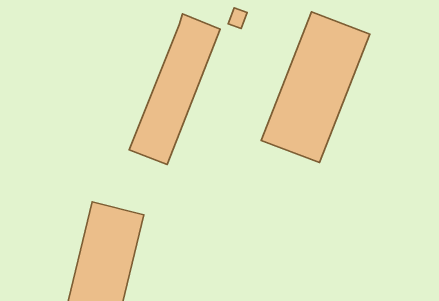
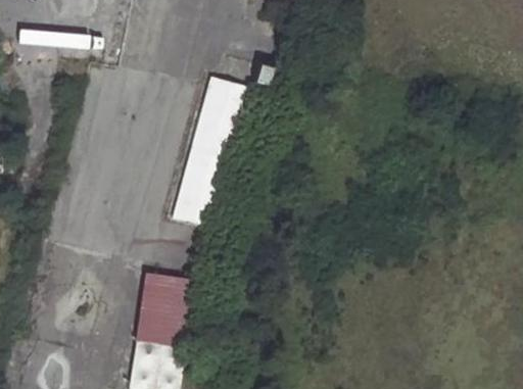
building: [261,12,370,163] -> none

